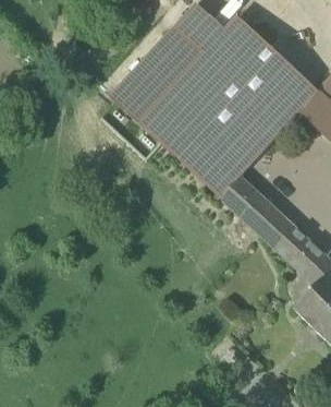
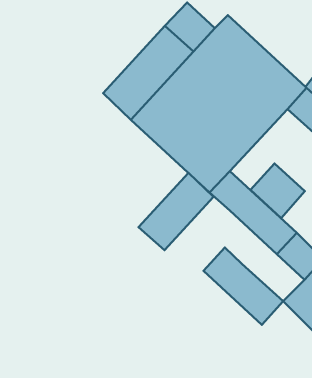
building: none -> [251,164,305,218]
building: none -> [139,173,214,250]
building: none -> [204,247,283,325]

